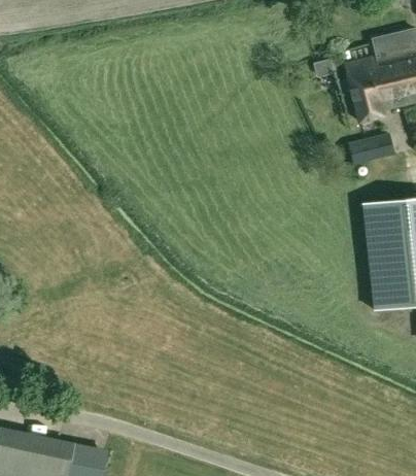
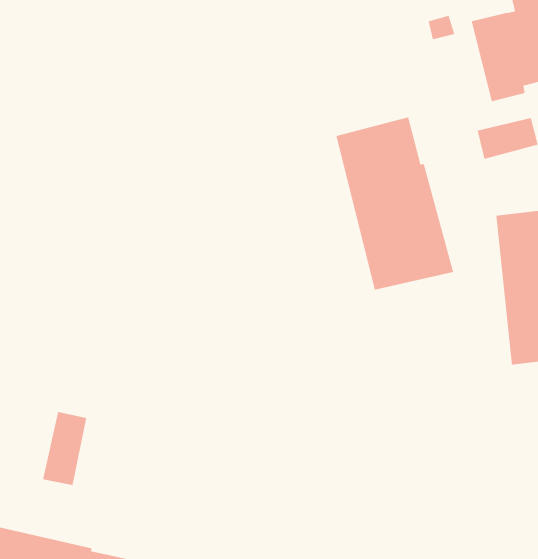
building: none -> [336,116,454,291]
building: none -> [43,411,87,486]

